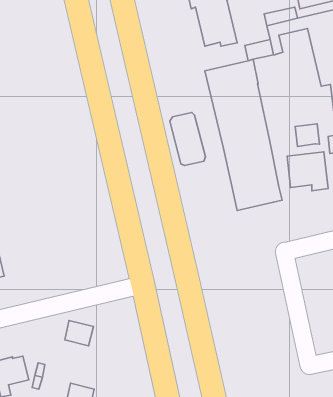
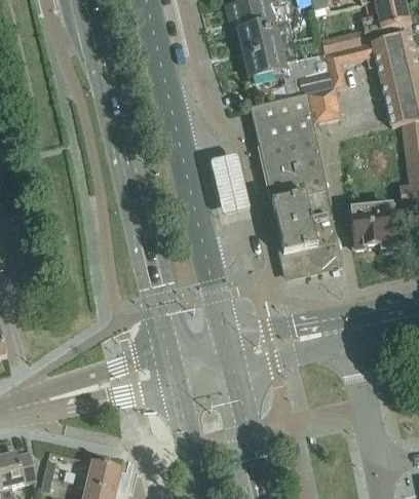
building: none -> [307,85,340,120]
building: [295,124,320,147] -> none
building: [65,320,94,346] -> [86,458,121,489]

